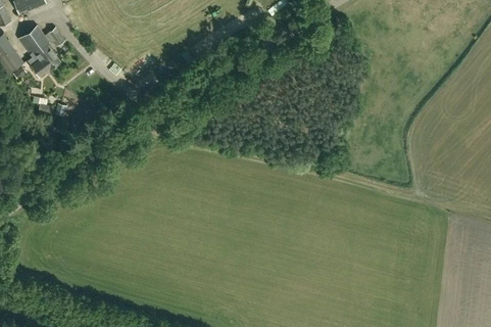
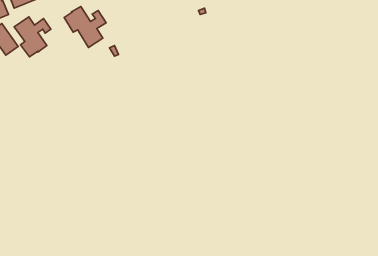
building: none -> [64,6,106,48]

